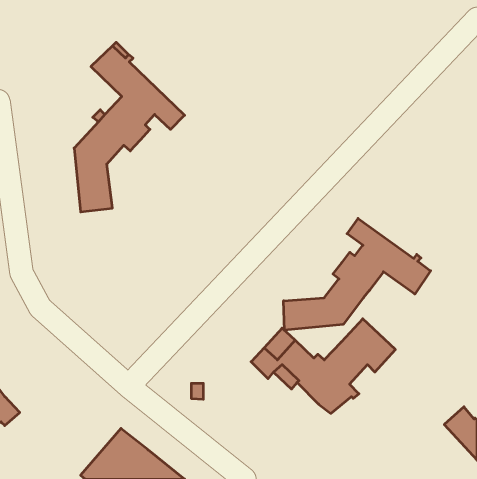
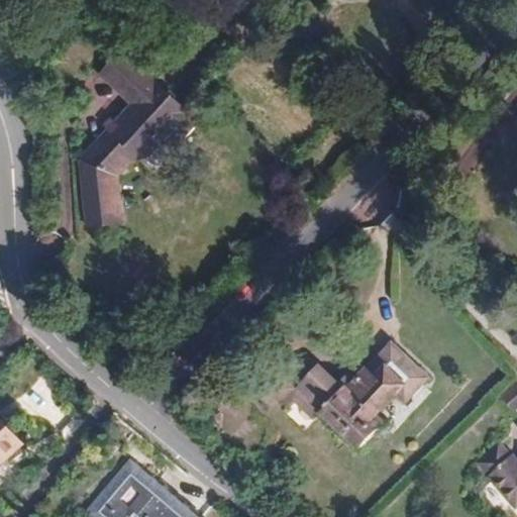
building: [284,218,431,330] -> none

